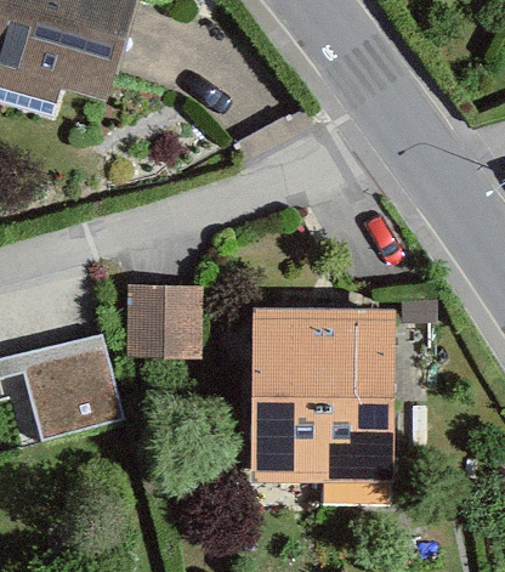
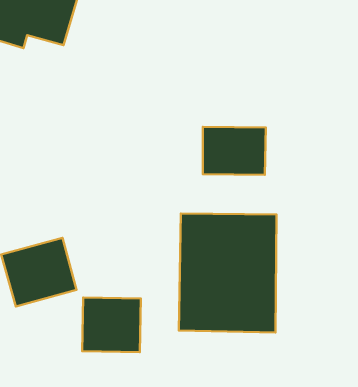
building: none -> [203,127,266,175]
building: [126,283,203,355] -> [82,297,141,352]

